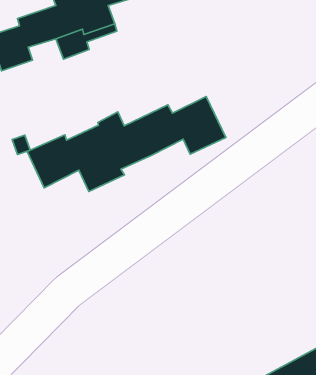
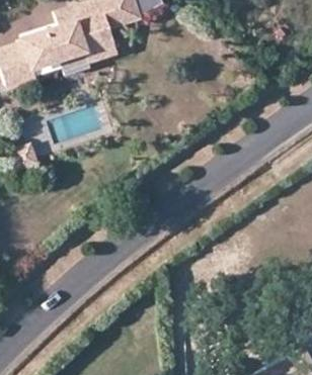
building: [27,96,226,192] -> none

